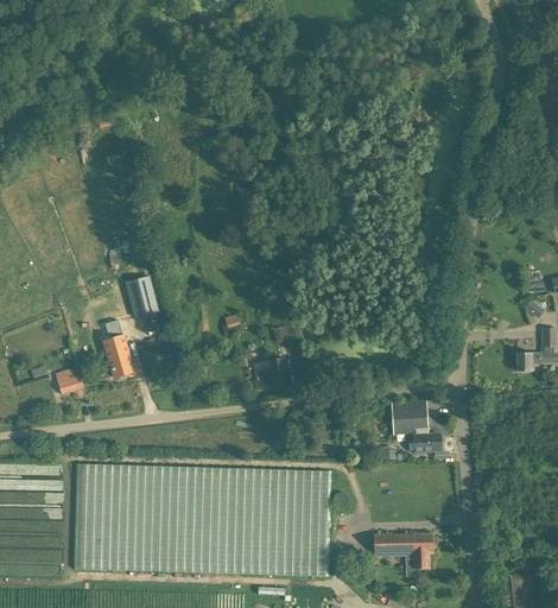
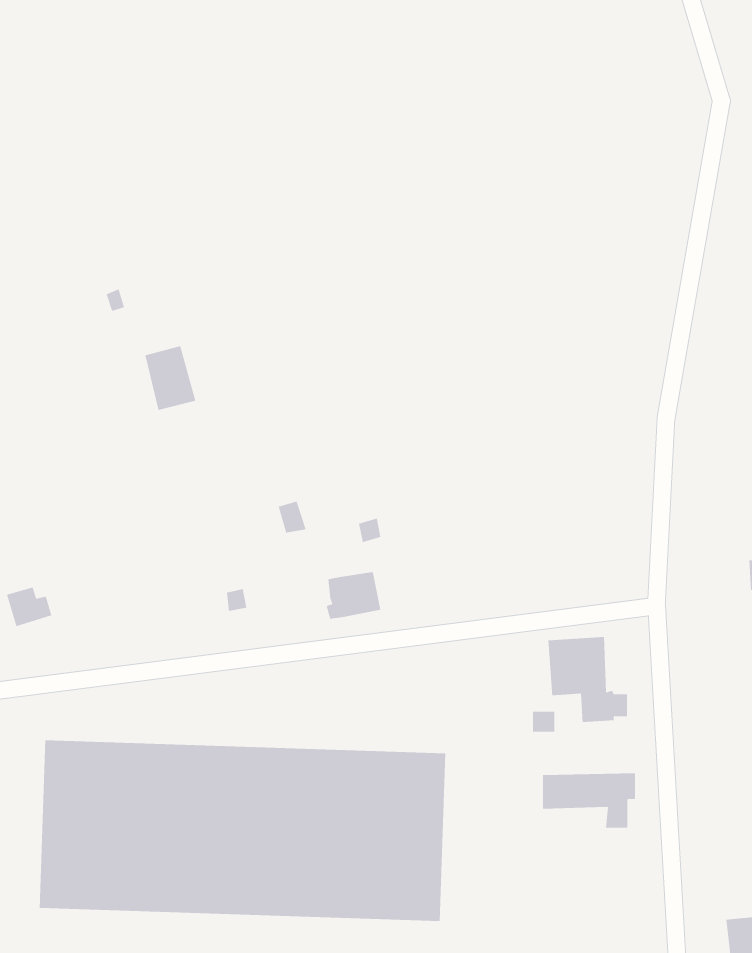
building: [127,273,159,314] -> [144,345,196,410]
building: [102,318,133,376] -> none
building: [374,533,432,568] -> [542,773,636,828]

